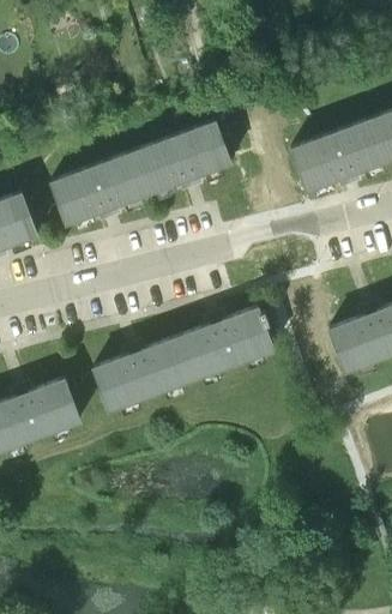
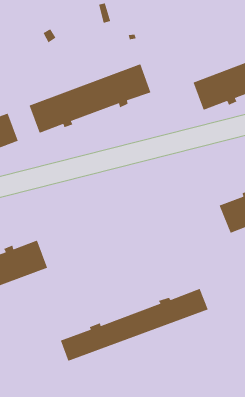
building: [94,307,275,410] -> none
building: none -> [60,288,209,362]

